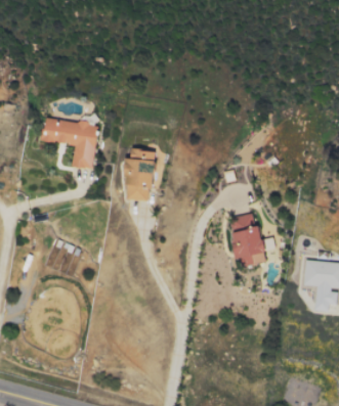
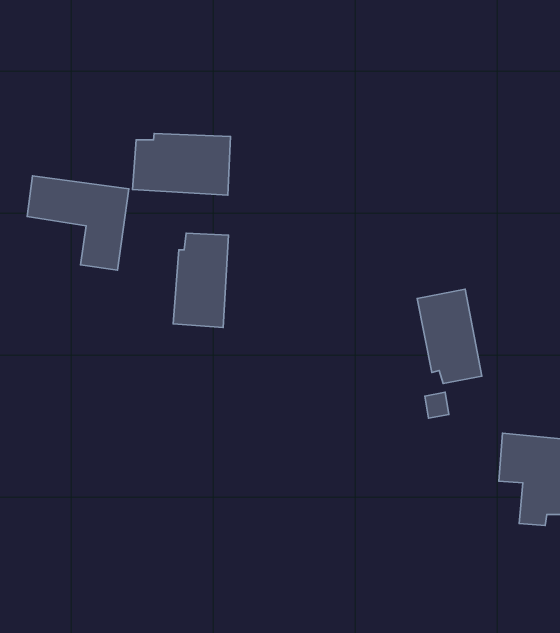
building: none -> [132,133,230,195]
building: [228,214,264,266] -> [417,289,482,383]

